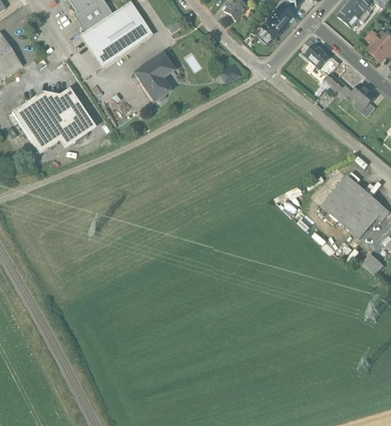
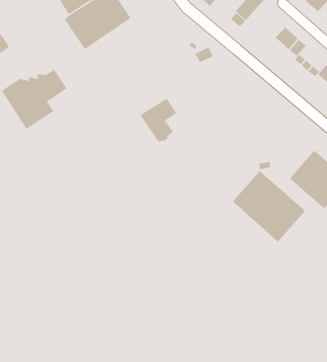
building: [133,53,173,101] -> [140,97,177,142]
building: [62,109,93,138] -> none
building: none -> [232,170,306,243]

